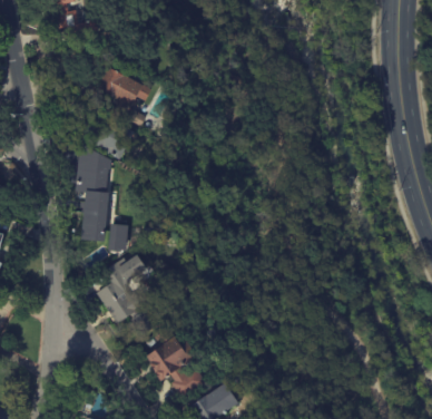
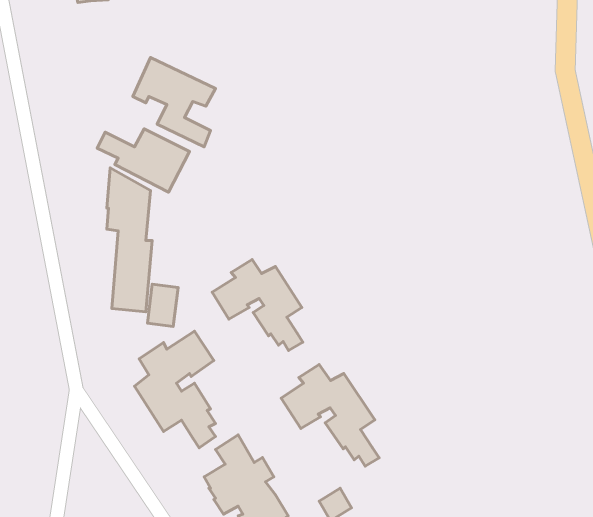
building: none -> [212,260,303,350]
building: none -> [281,364,379,466]

